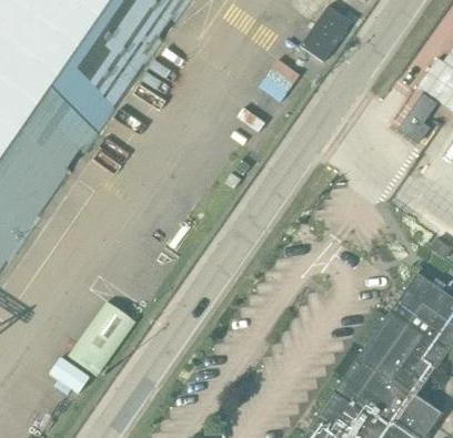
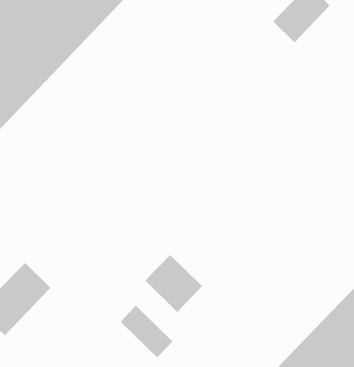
building: none -> [144,254,203,313]
building: none -> [120,305,173,358]

